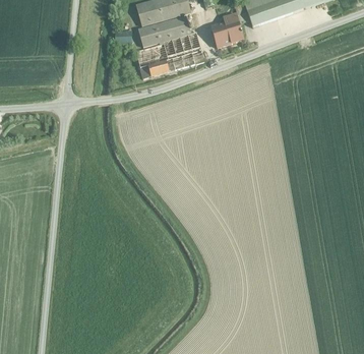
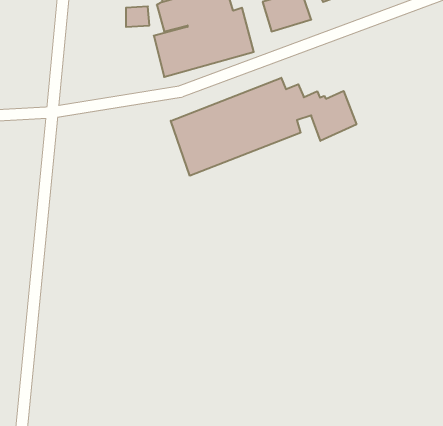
building: none -> [171,78,356,176]

